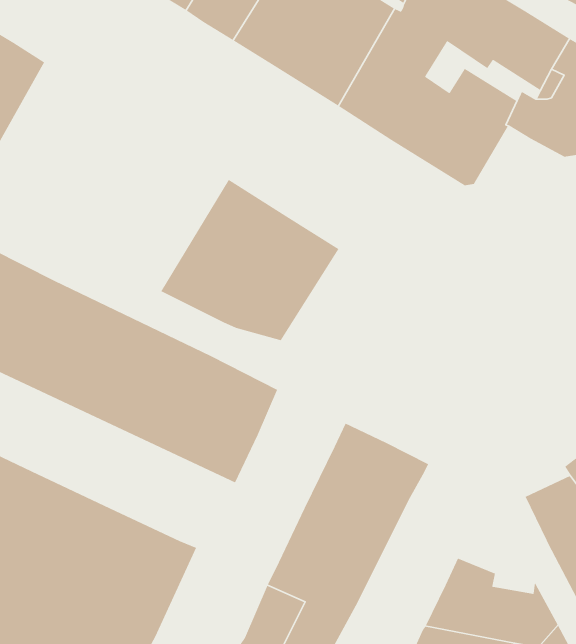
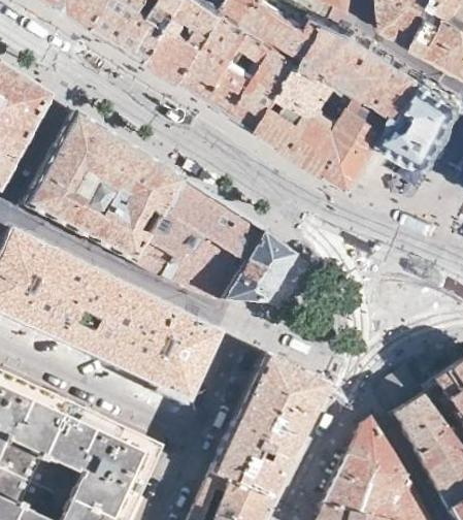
building: none -> [23,112,181,262]
building: none -> [220,231,293,302]
building: none -> [348,417,403,481]

